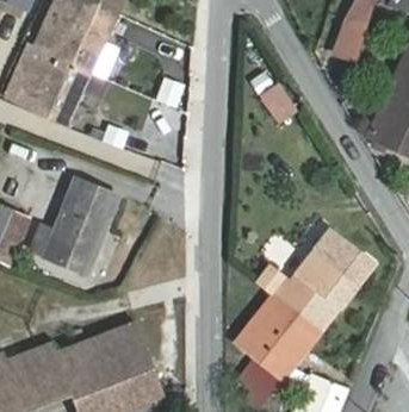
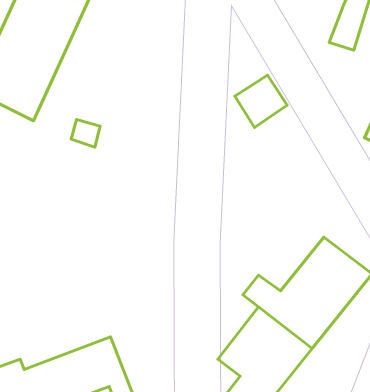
building: [43,179,118,274] -> none

